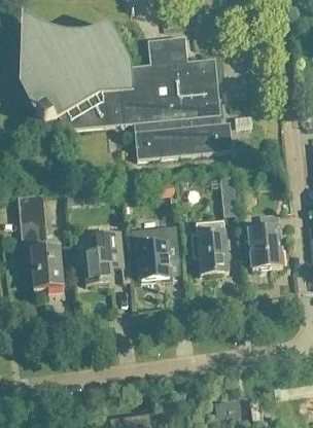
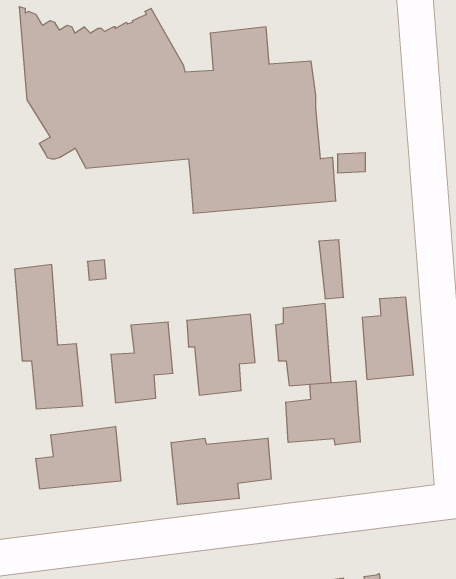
building: none -> [286,381,360,445]
building: none -> [36,426,121,489]
building: none -> [171,438,271,505]

